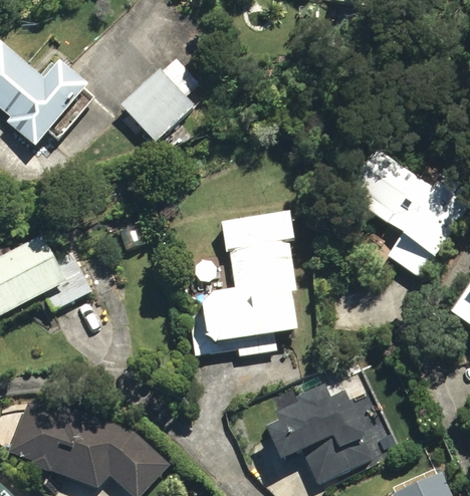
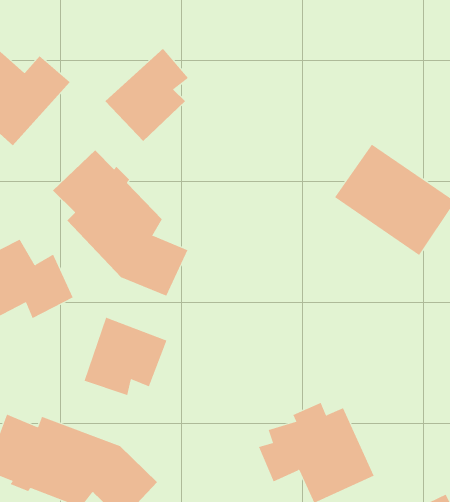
building: none -> [52,150,188,297]
building: [187,212,297,353] -> none
building: none -> [84,317,167,396]

